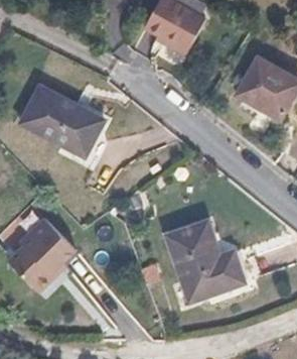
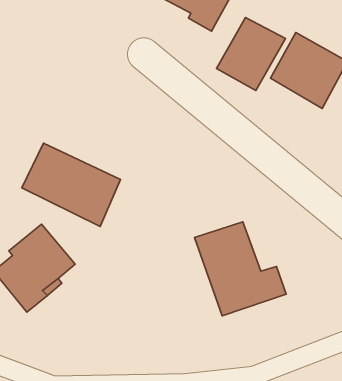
building: none -> [217,17,286,91]
building: [22,89,105,158] -> [22,143,121,226]

